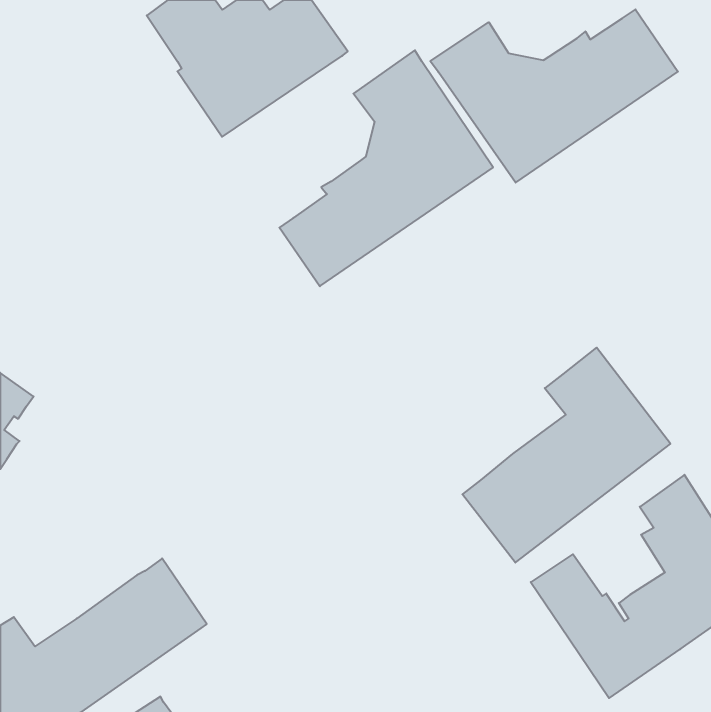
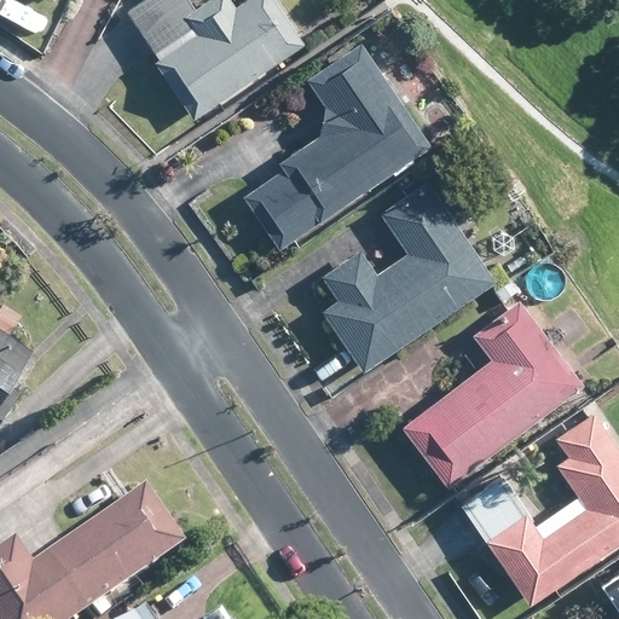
building: [430,9,678,183] -> none
building: none -> [322,183,494,372]

